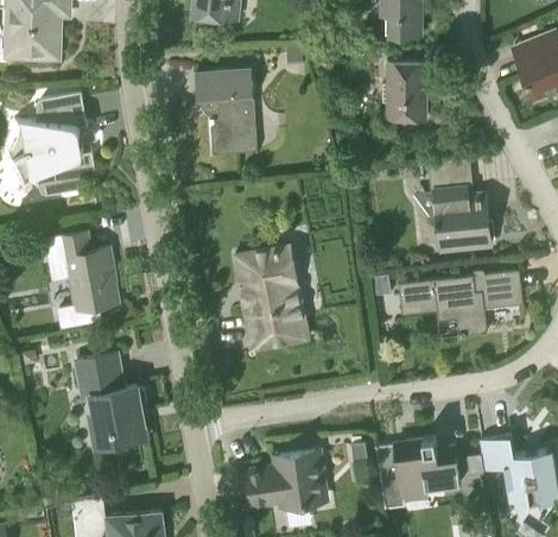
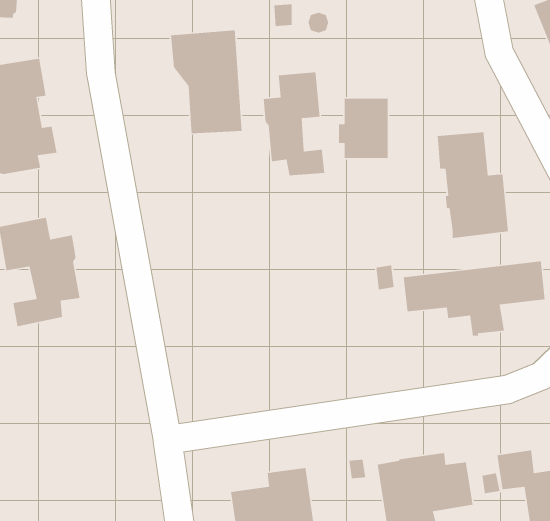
building: [382,62,426,115] -> [338,98,389,159]
building: none -> [263,72,325,176]
building: [234,245,307,349] -> none
building: [76,353,146,447] -> none

